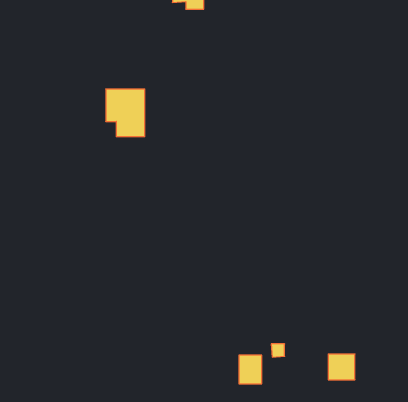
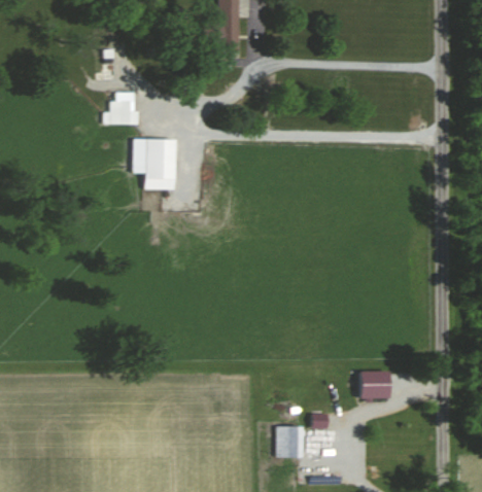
building: none -> [104,100,138,124]
building: [328,354,355,380] -> [359,370,388,397]

